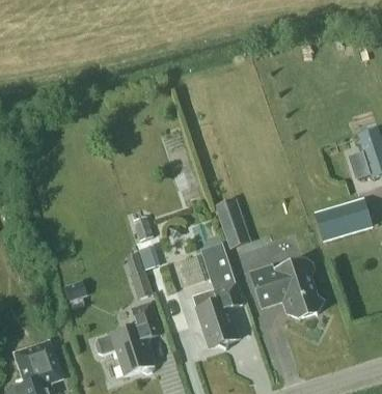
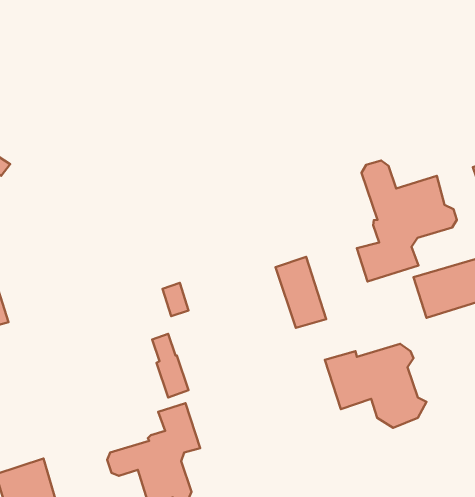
building: none -> [357,160,457,281]
building: [192,242,243,347] -> none

